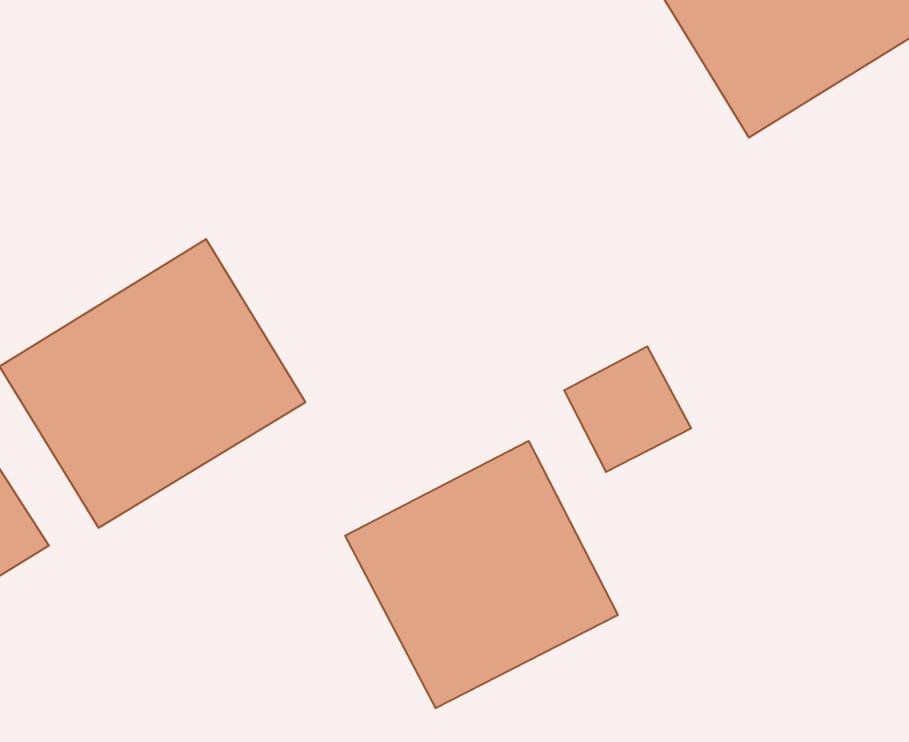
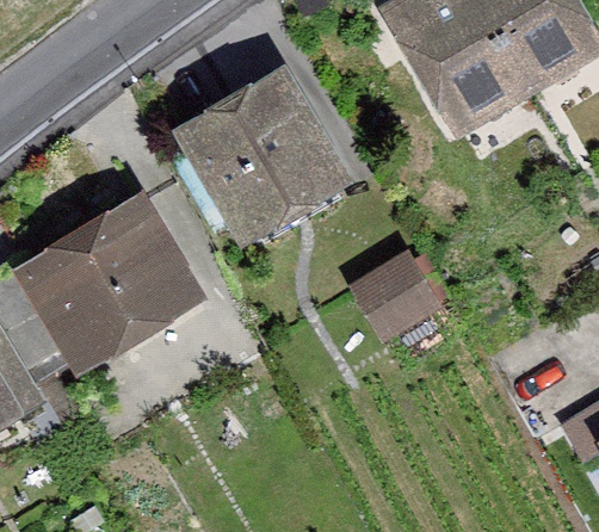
building: none -> [177,72,347,242]
building: [345,441,618,708] -> none

